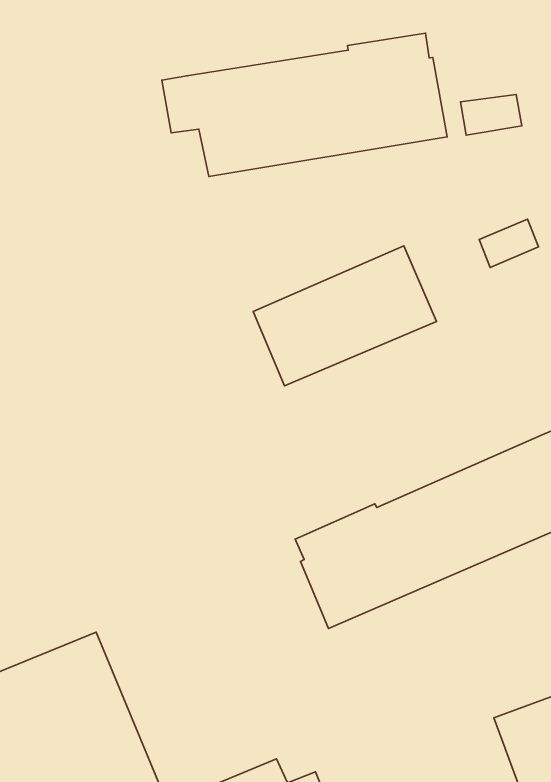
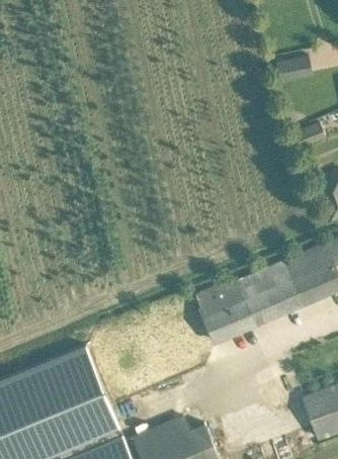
building: [162,33,447,176] -> none
building: [253,246,436,386] -> none

